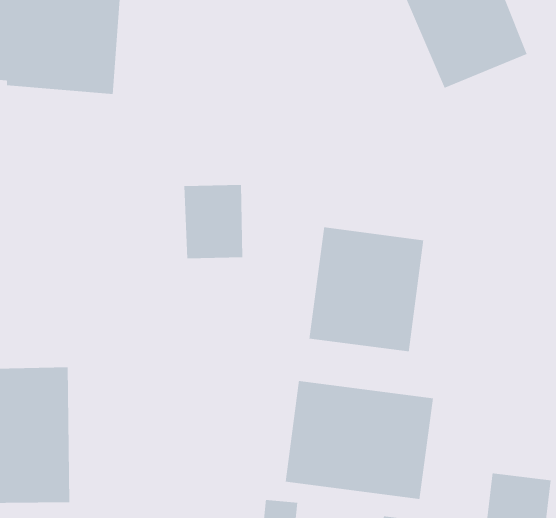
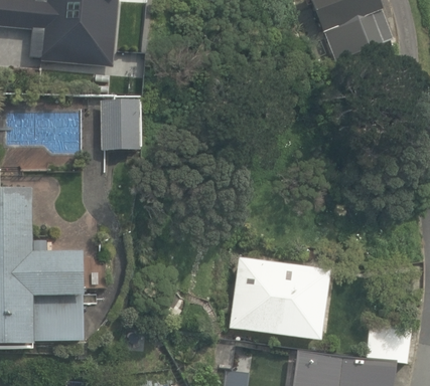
building: [184,184,243,259] -> [101,100,141,150]
building: [309,227,424,352] -> none

